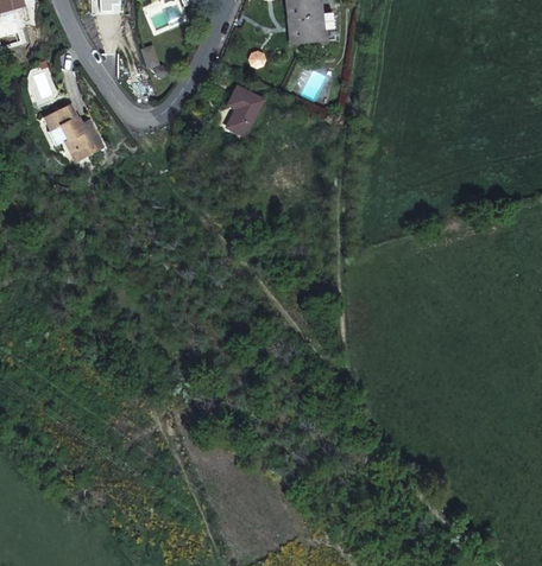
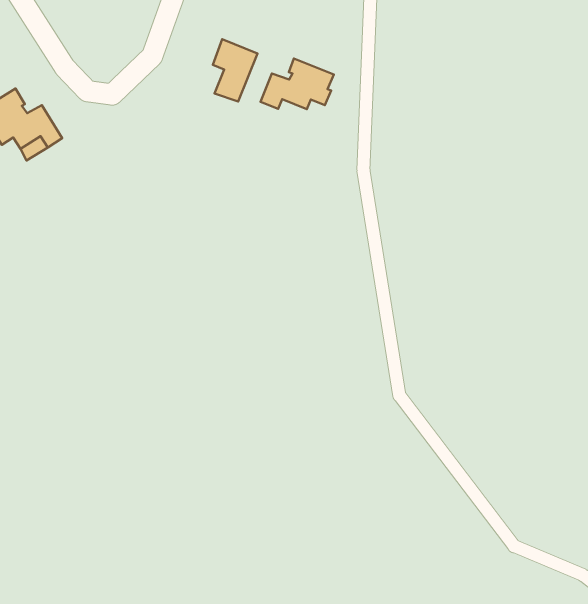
building: none -> [261,59,334,109]

